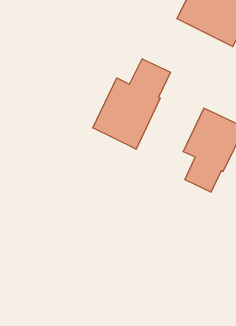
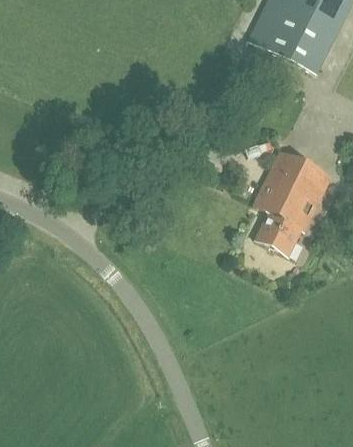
building: [93,59,171,149] -> none

